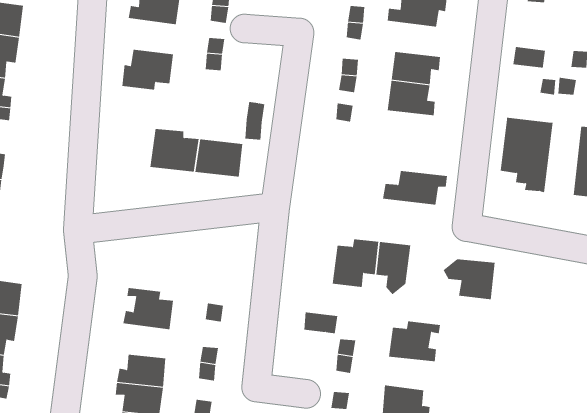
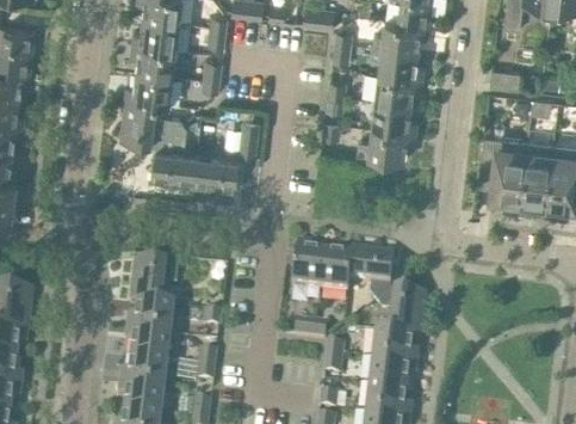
building: none -> [130,47,176,80]
building: none -> [370,49,425,82]
building: none -> [120,110,186,152]
building: none -> [519,143,552,211]
building: [382,171,448,205] -> [355,133,416,165]
building: none -> [293,246,326,294]
building: none -> [131,263,178,301]
building: [443,259,495,300] -> [377,294,426,332]
building: none -> [125,331,171,363]
building: none -> [370,362,417,393]

